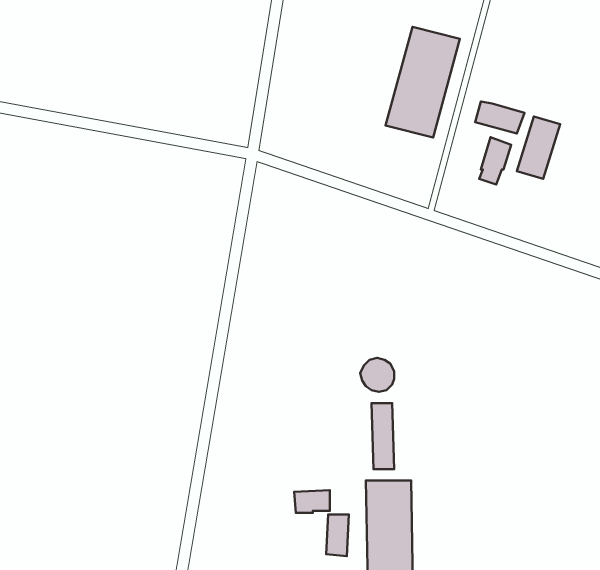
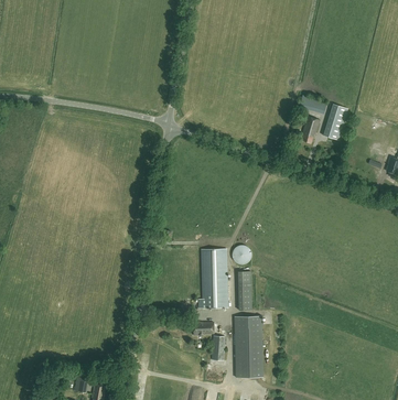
building: [385,27,460,138] -> none
building: none -> [202,248,228,309]

